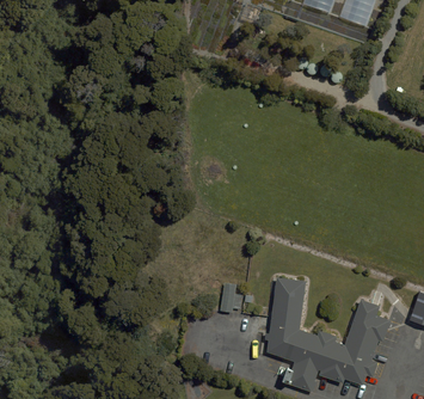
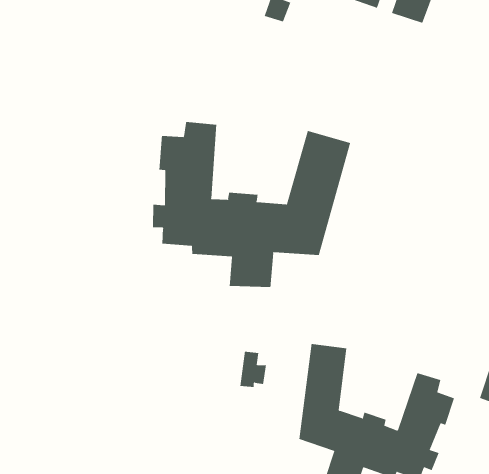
building: none -> [153,121,351,288]

